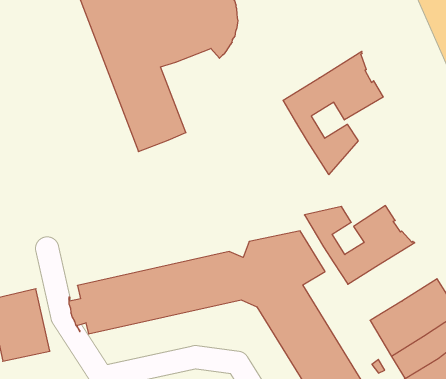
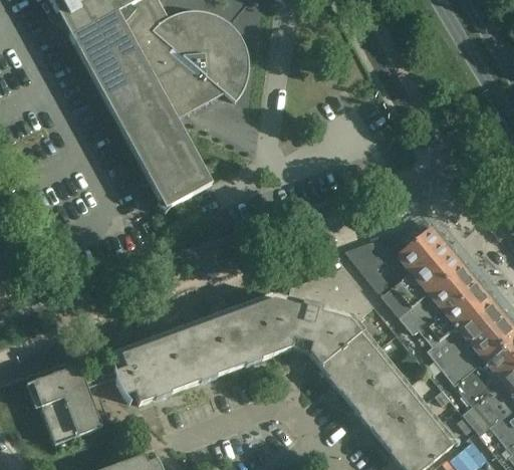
building: [283,51,383,175] -> none
building: none -> [399,263,490,345]

